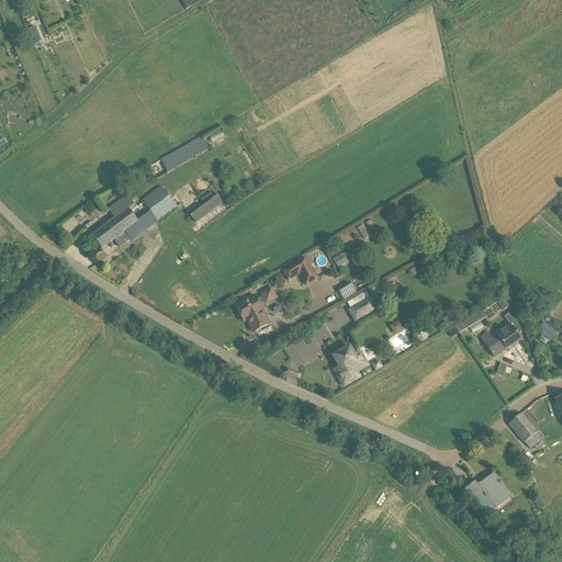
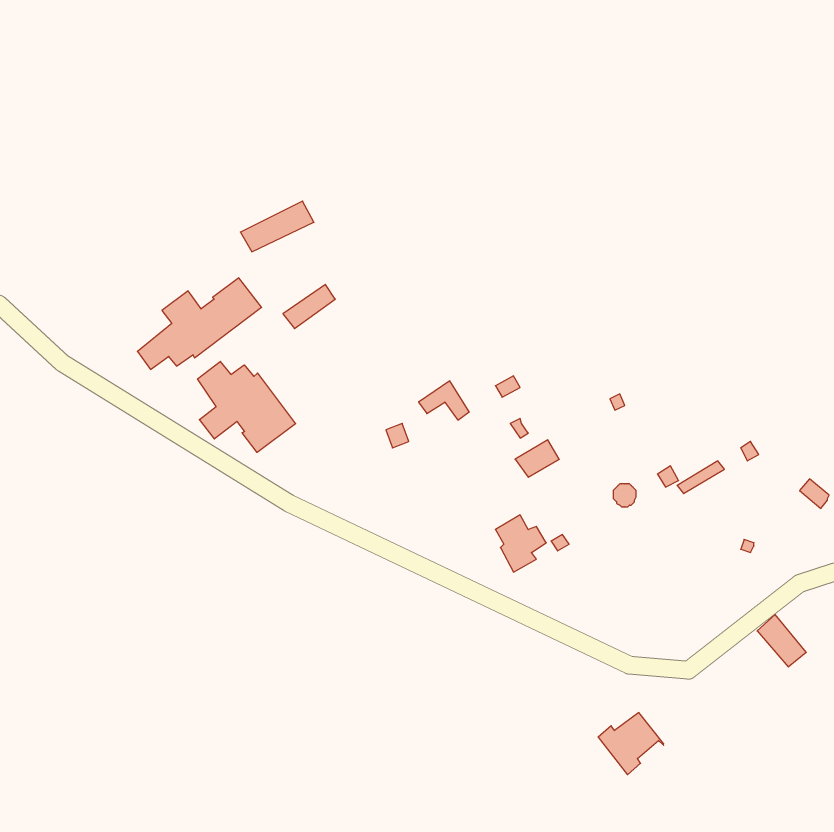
building: none -> [198,361,296,452]
building: [236,295,268,331] -> none
building: [480,314,520,355] -> none
building: [465,473,509,515] -> [598,713,664,775]

